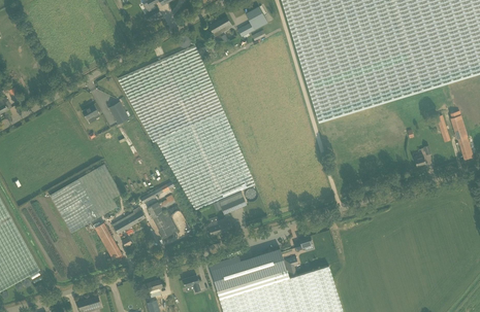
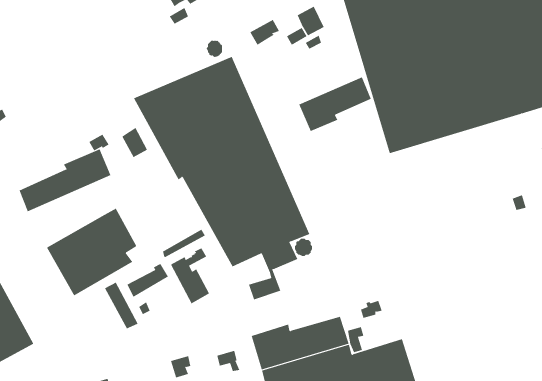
building: none -> [299,77,371,132]
building: none -> [19,149,111,212]

